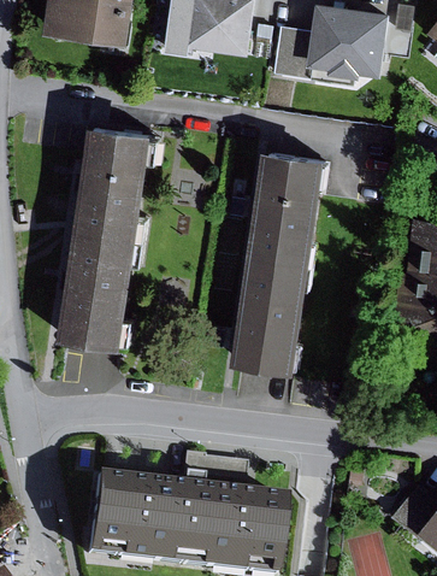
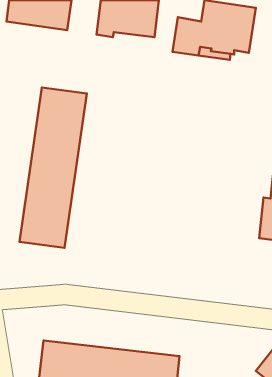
building: [232,148,327,371] -> none

